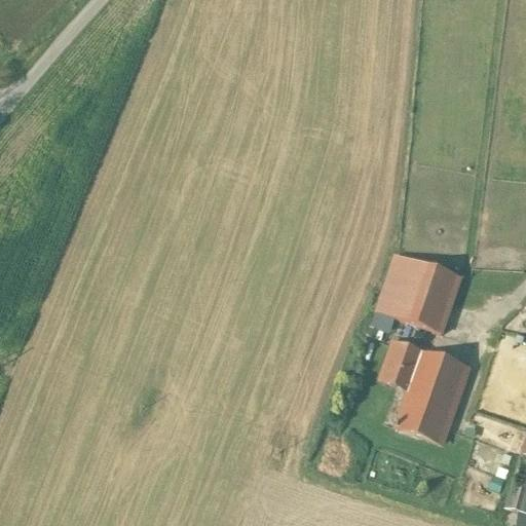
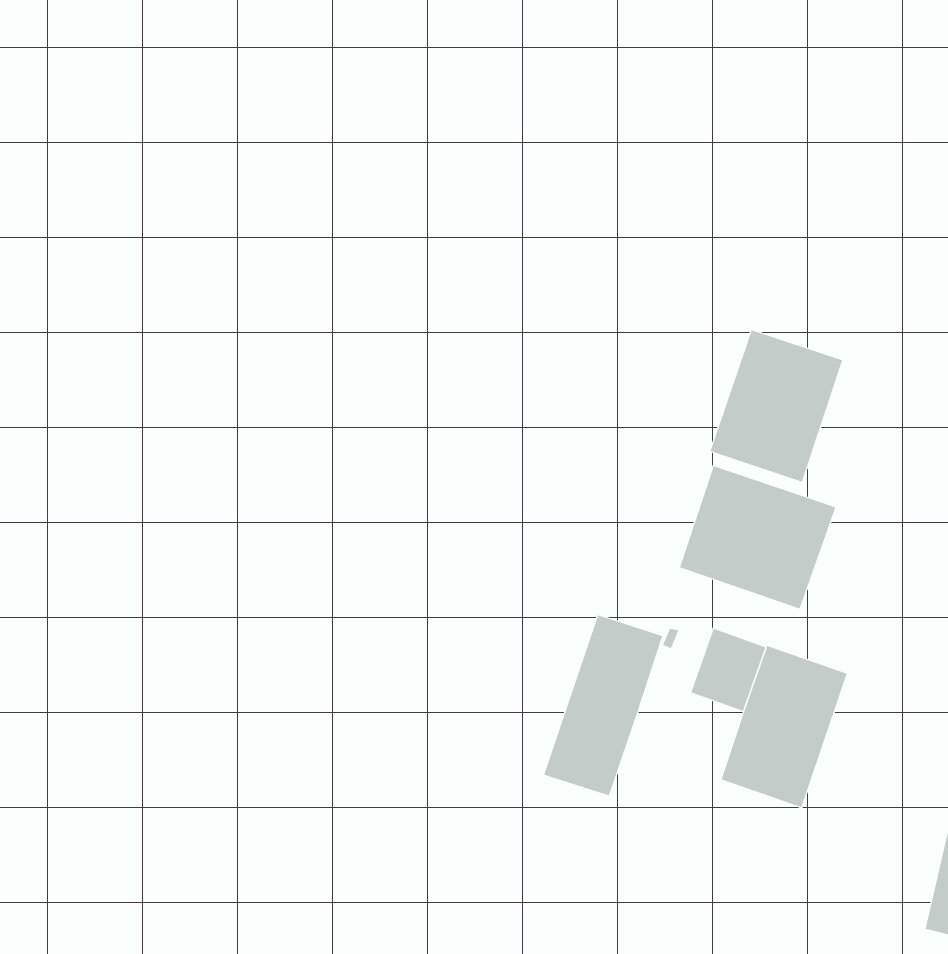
building: none -> [710,330,843,483]
building: none -> [544,615,663,796]

